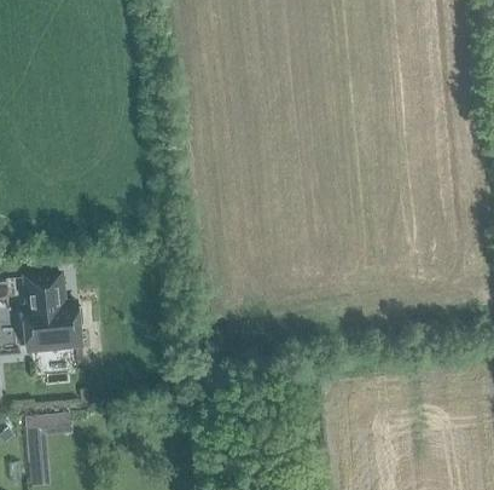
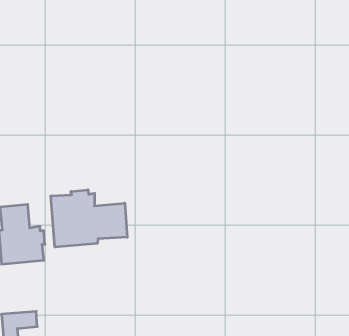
building: none -> [51,190,127,247]

